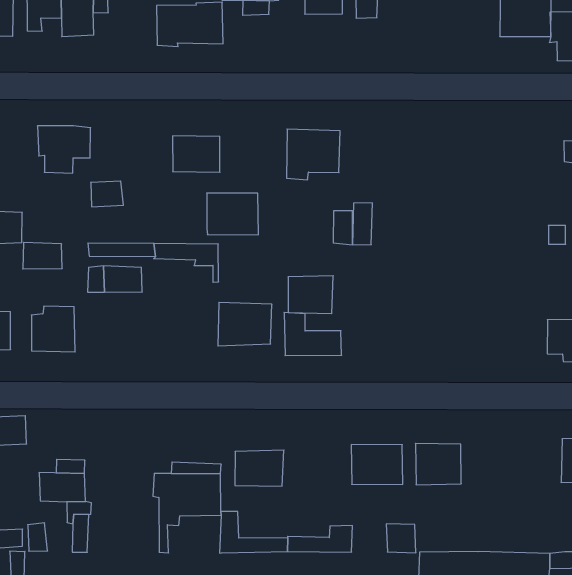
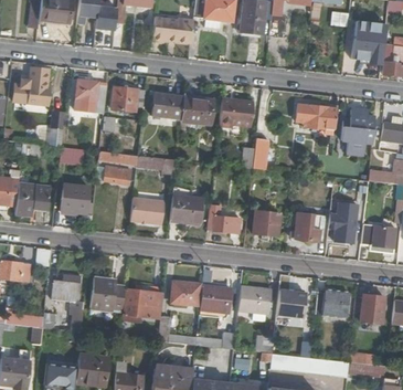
building: none -> [342,106,377,152]
building: none -> [297,104,339,130]
building: none -> [112,86,146,110]
building: [207,193,258,235] -> [181,96,213,124]
building: [288,276,333,314] -> [251,211,279,235]
building: none -> [328,201,357,242]
building: none -> [289,212,320,241]
building: none -> [130,196,166,223]
building: none -> [314,287,347,316]
building: none -> [200,286,230,313]
building: none -> [88,276,124,310]

